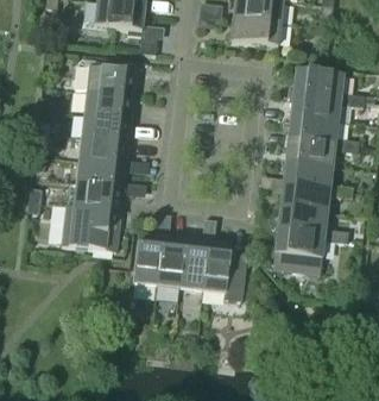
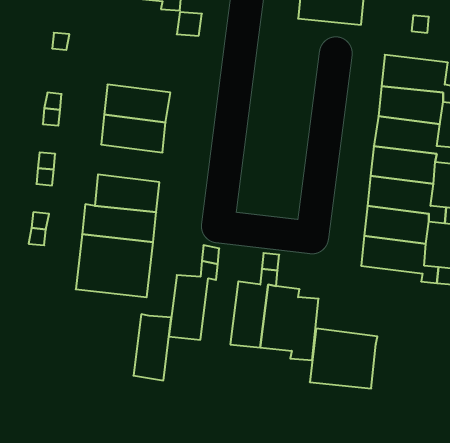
building: [76,58,137,98] -> none
building: [80,137,128,165] -> none
building: [273,228,324,274] -> [310,329,377,388]
building: [157,238,185,288] -> [133,314,171,380]

